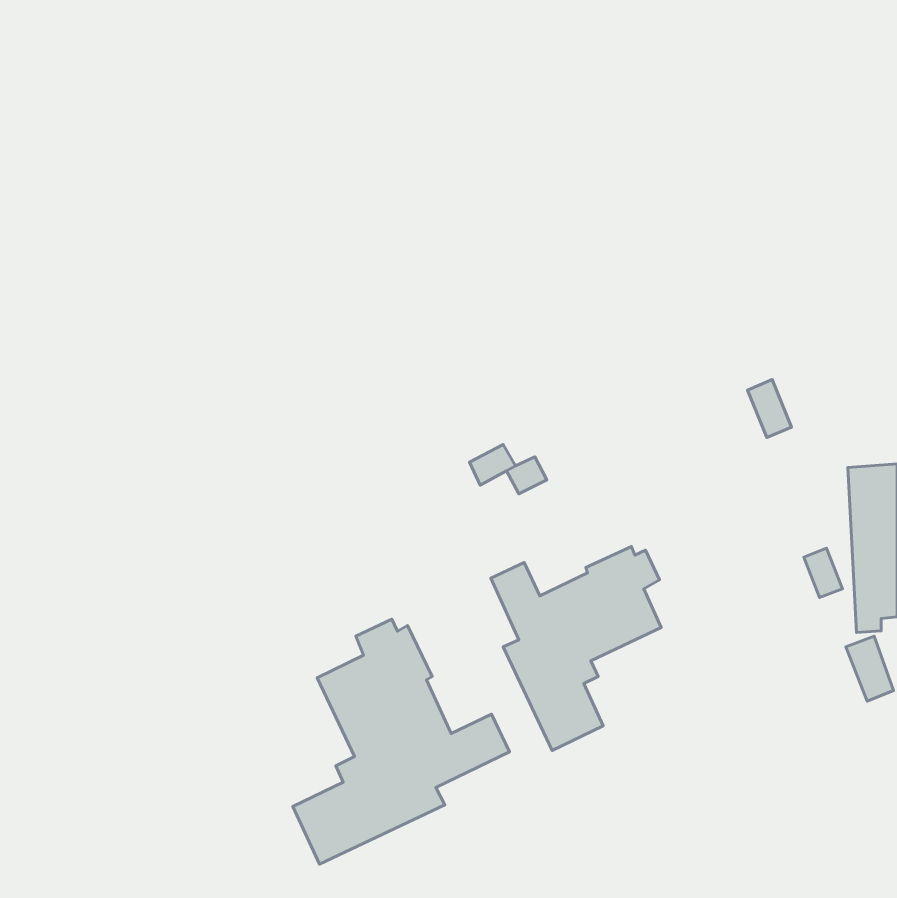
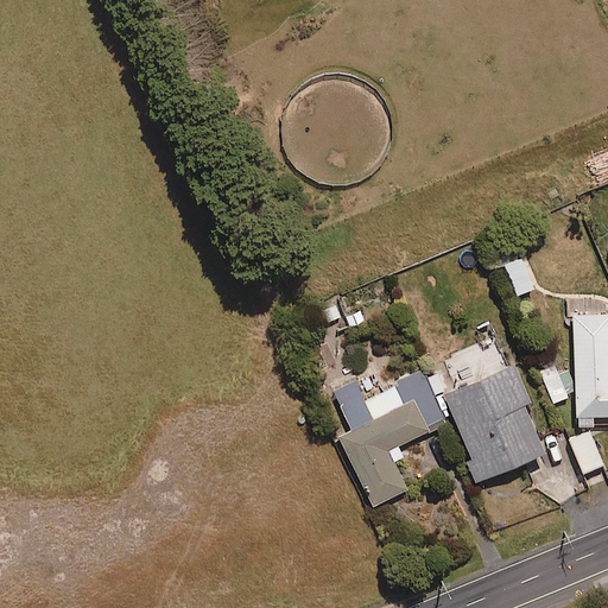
building: none -> [445,367,546,484]
building: [293,619,509,864] -> none

